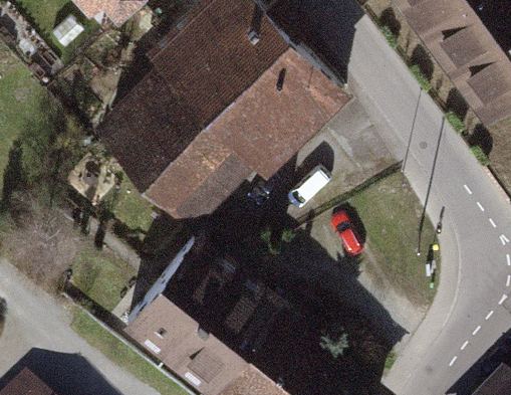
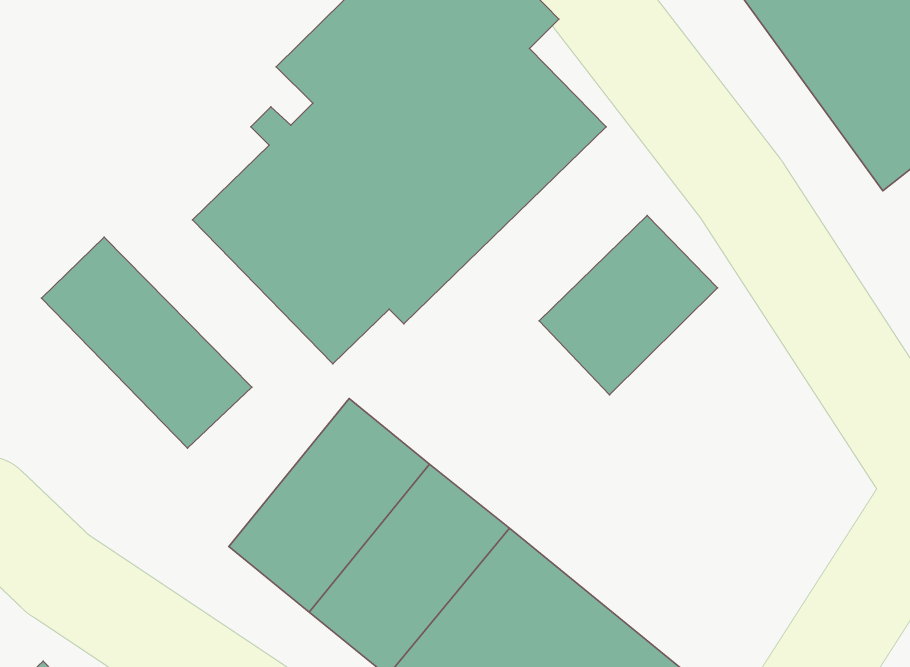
building: none -> [539,216,717,395]
building: none -> [42,237,252,448]

